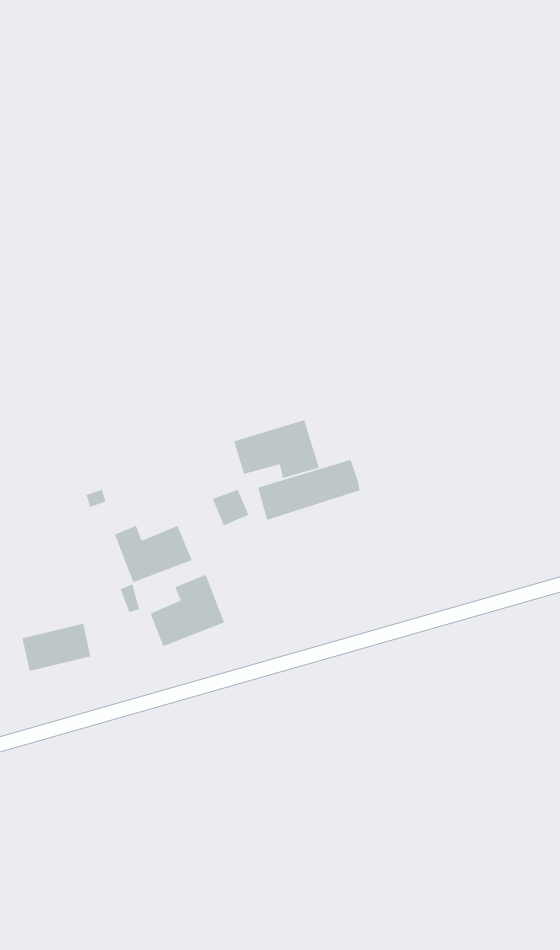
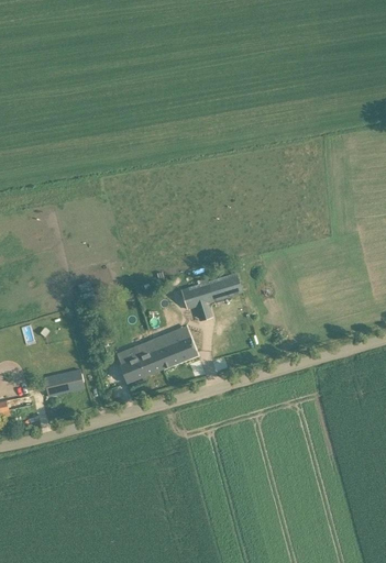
building: [233,419,320,479] -> none
building: [114,525,193,583] -> [151,334,197,368]

